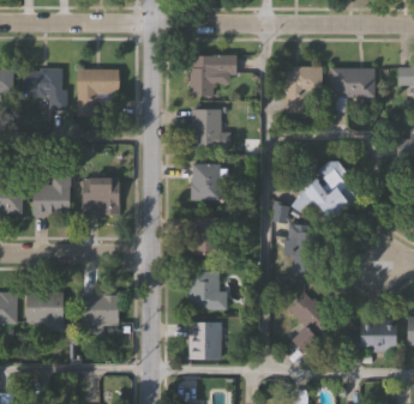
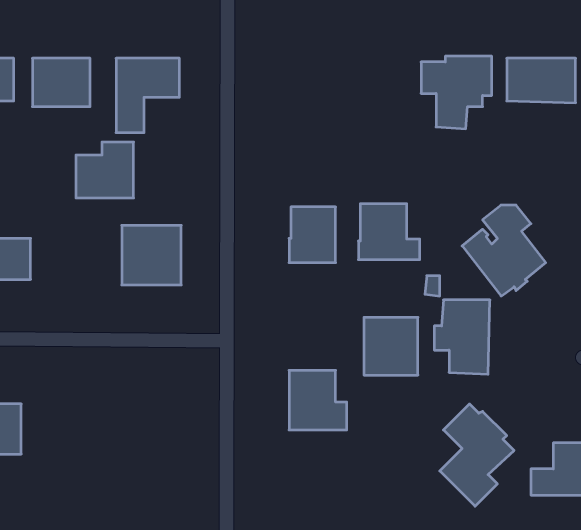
building: [190,55,236,96] -> none
building: [187,109,227,145] -> [358,204,420,260]
building: [34,176,71,212] -> [76,142,134,198]
building: [186,219,221,257] -> [364,317,418,375]
building: [26,291,64,326] -> none
building: [83,293,119,325] -> none
building: [191,320,230,356] -> none

